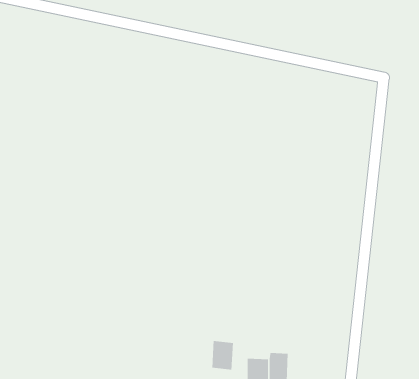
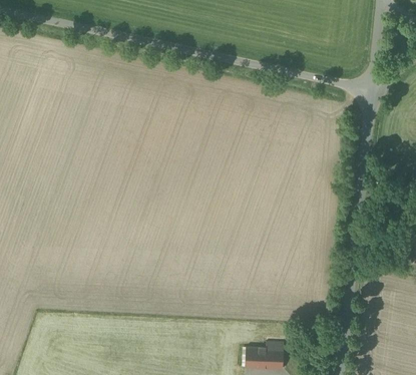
building: [212,340,234,370] -> none

